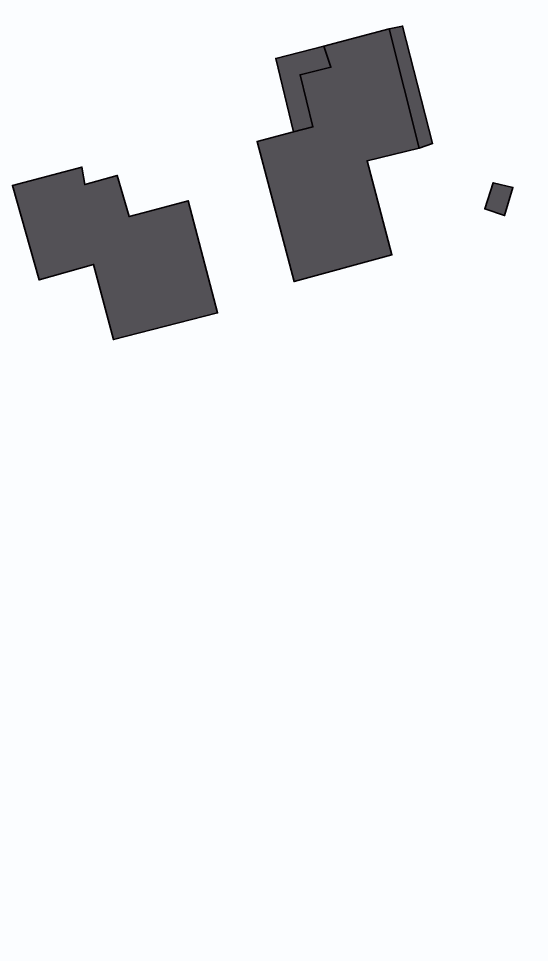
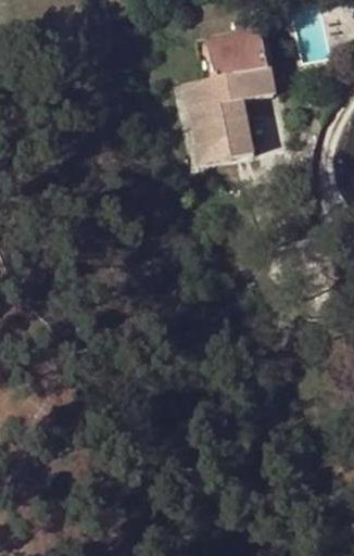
building: [13,167,218,339] -> none

